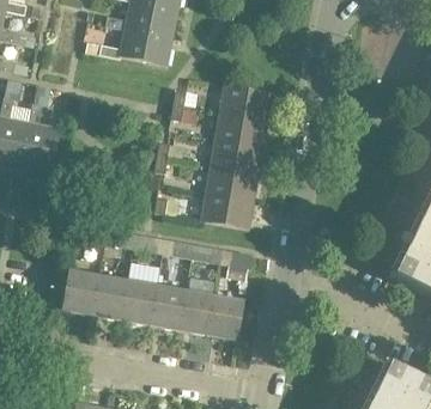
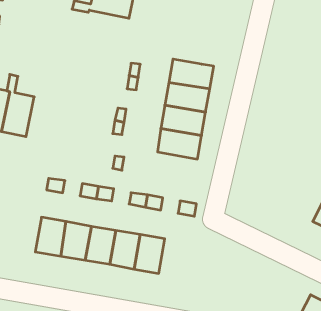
building: [99,26,172,65] -> none
building: [201,193,253,228] -> none
building: [207,294,244,340] -> none

